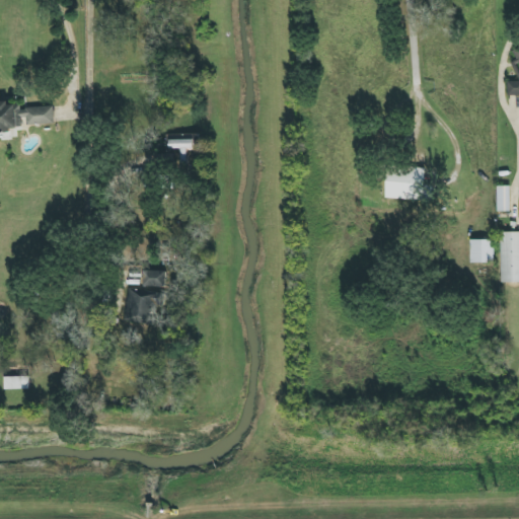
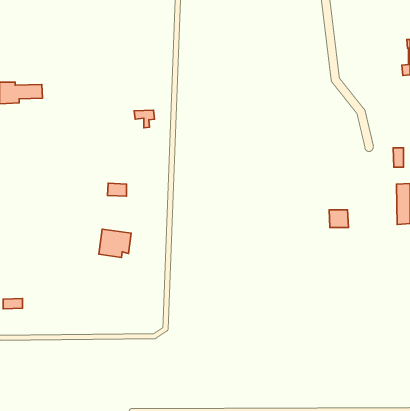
building: [386,167,433,200] -> none
building: [469,240,494,263] -> [329,210,348,228]
building: [142,271,166,287] -> [107,183,127,196]

